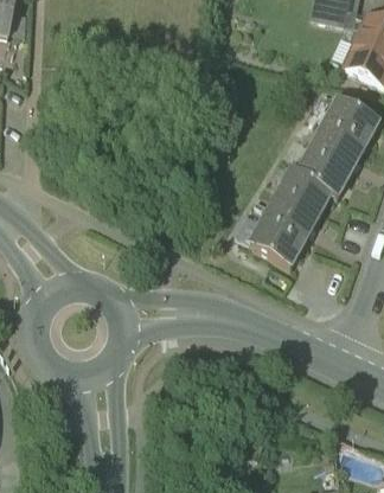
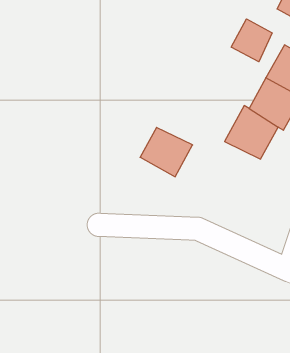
building: none -> [231,19,272,62]
building: [250,210,311,267] -> [140,127,193,177]

